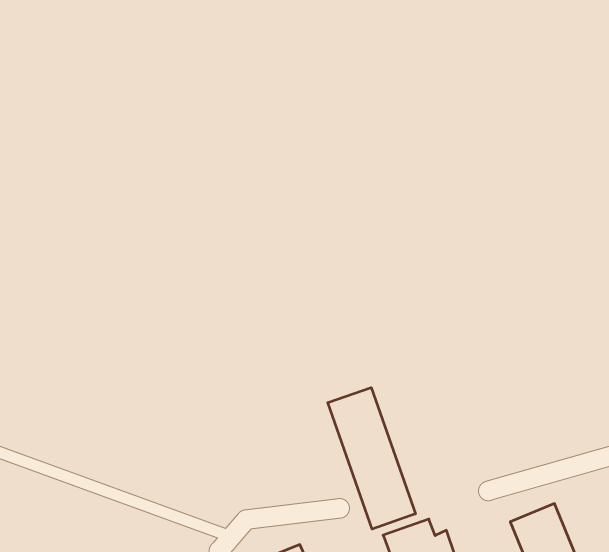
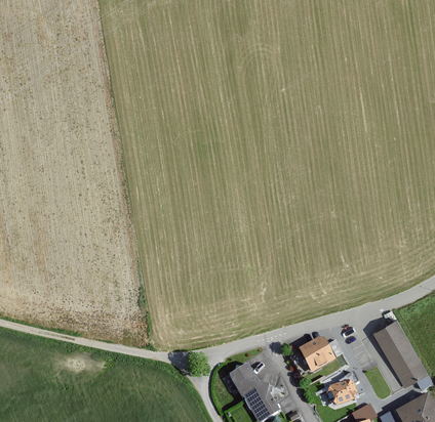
building: [328,388,415,529] -> none

